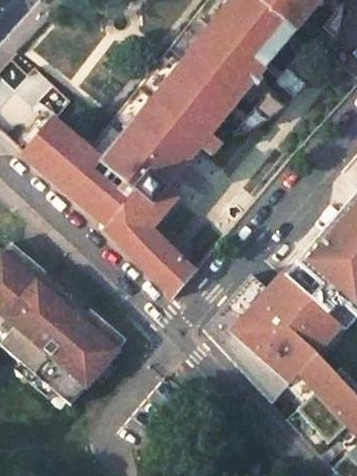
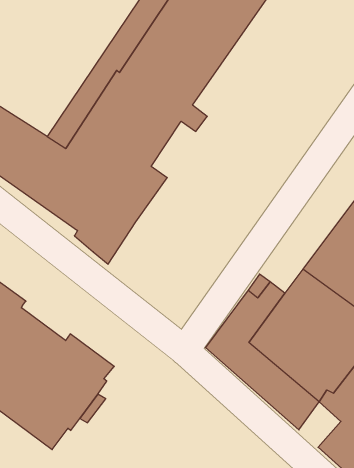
building: [128,223,198,300] -> none

